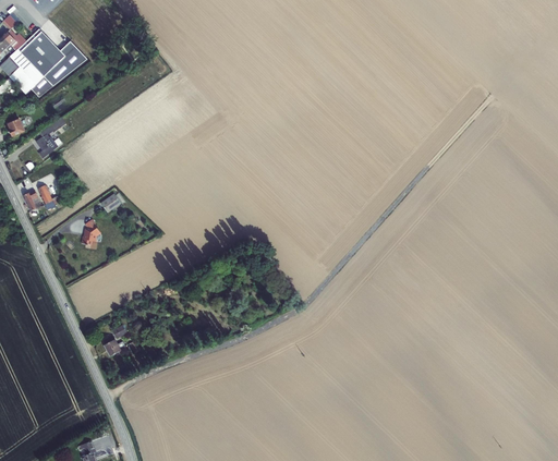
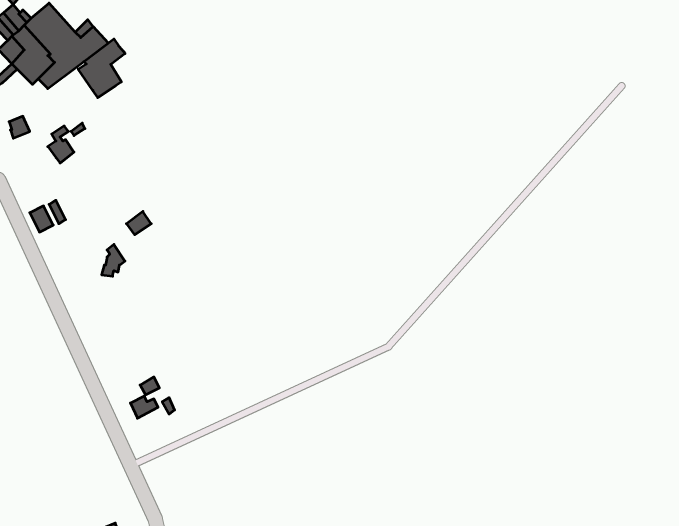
building: none -> [78,39,125,98]

